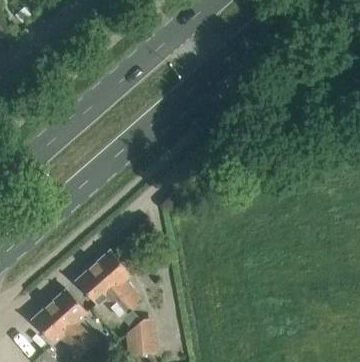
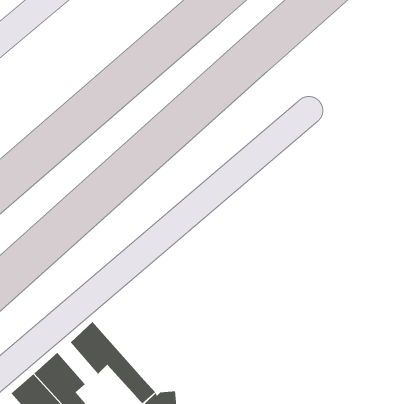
building: [92,250,142,310] -> none

